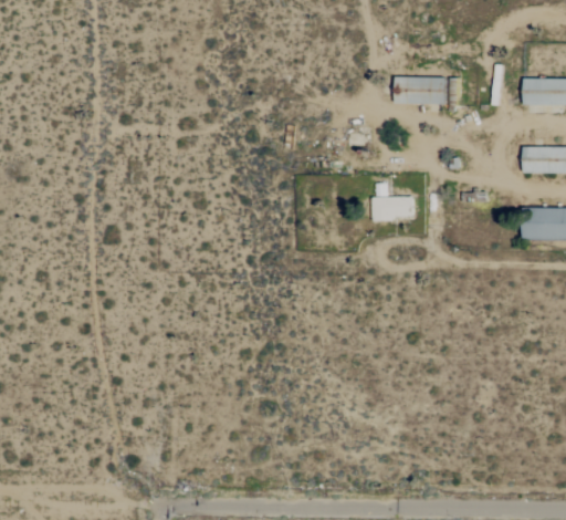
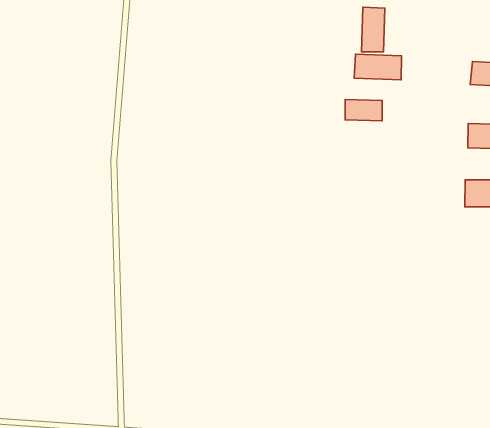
building: none -> [361,7,385,52]
building: [371,196,413,219] -> [345,100,382,121]

